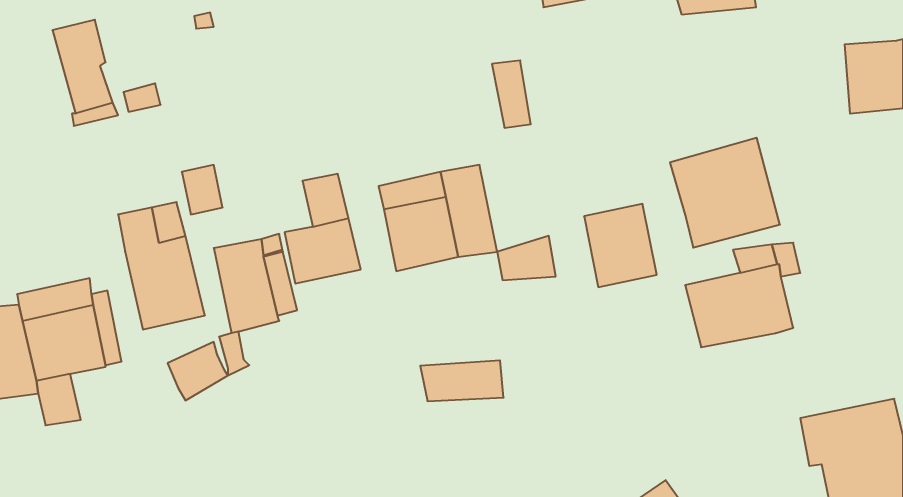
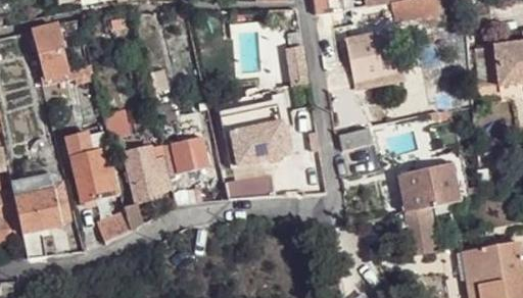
building: [670,138,780,248] -> [338,23,401,87]
building: none -> [408,207,439,252]
building: [420,360,504,401] -> [223,175,271,198]

